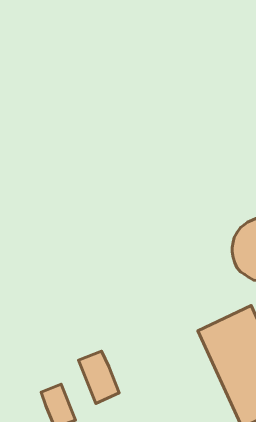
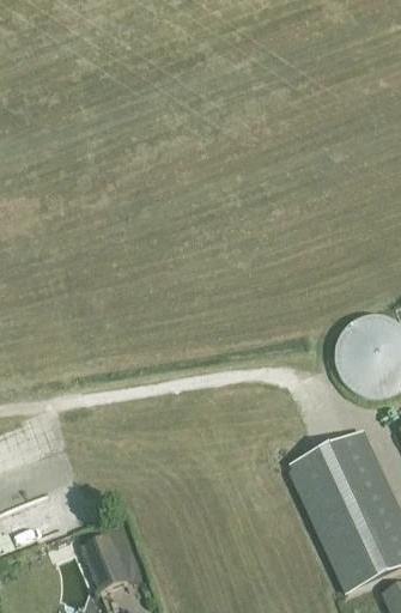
building: [79,351,119,403] -> none

